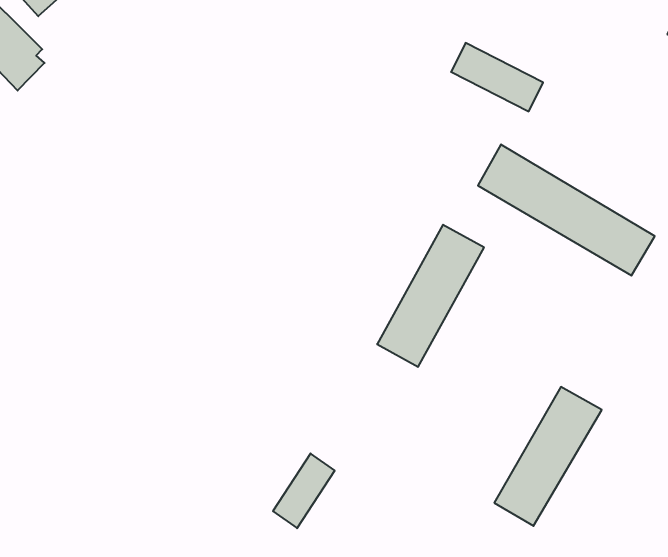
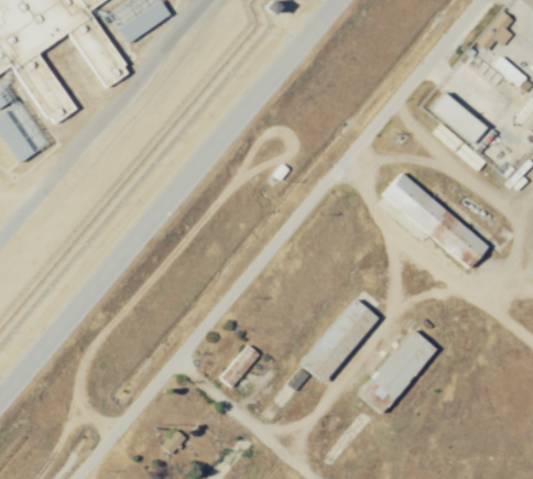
building: [451,43,543,111] -> [431,95,487,144]
building: [377,225,484,367] -> [301,298,378,384]

